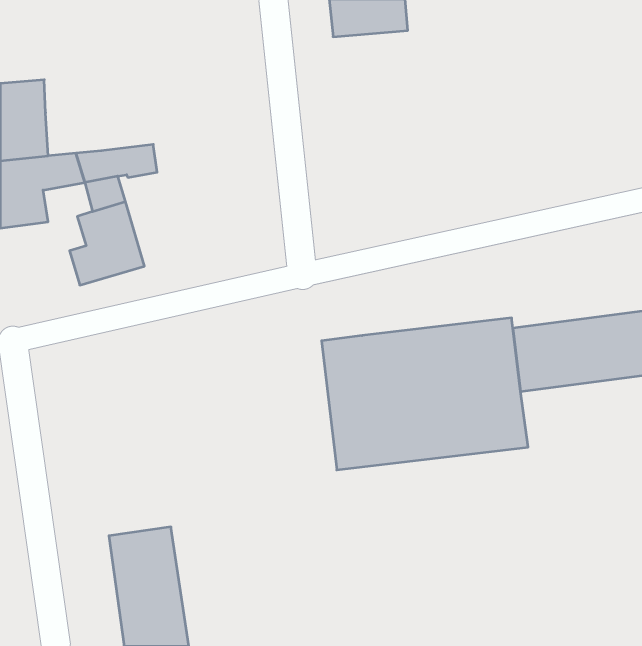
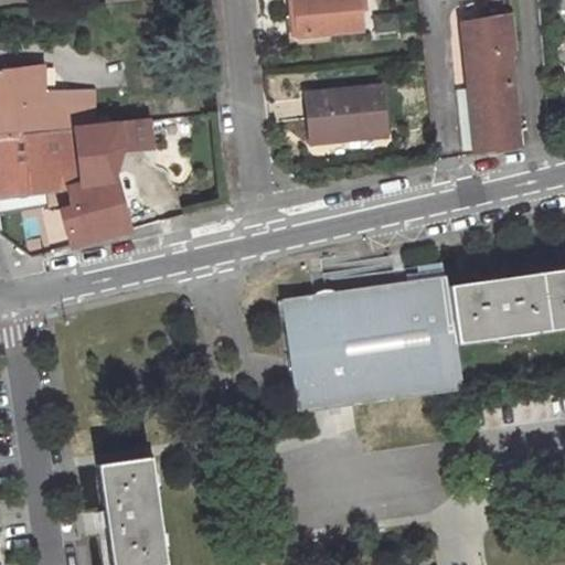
building: none -> [463,23,521,157]
building: none -> [300,85,379,138]
building: none -> [44,94,93,136]
building: none -> [42,159,85,218]

